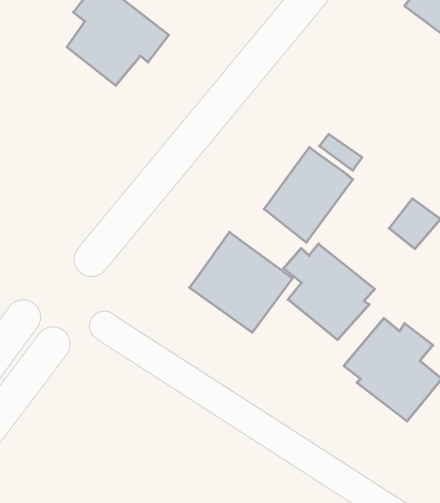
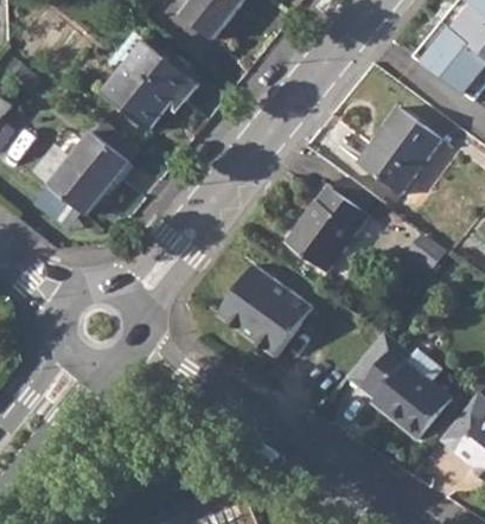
building: none -> [356,108,440,193]
building: none -> [49,130,128,215]
building: [283,244,375,340] -> none

